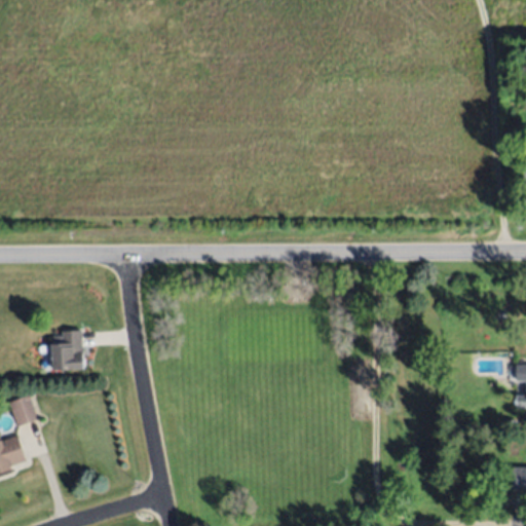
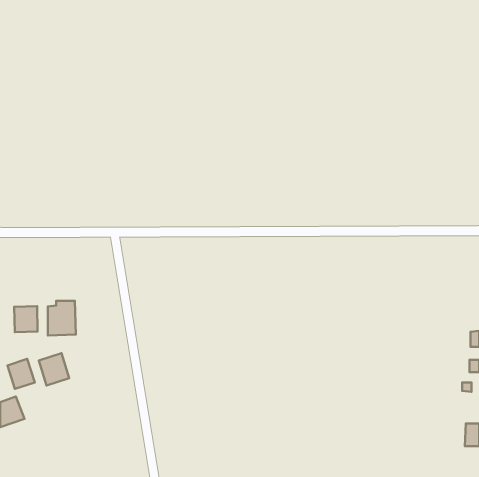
building: none -> [14,306,38,332]
building: none -> [39,353,69,385]

